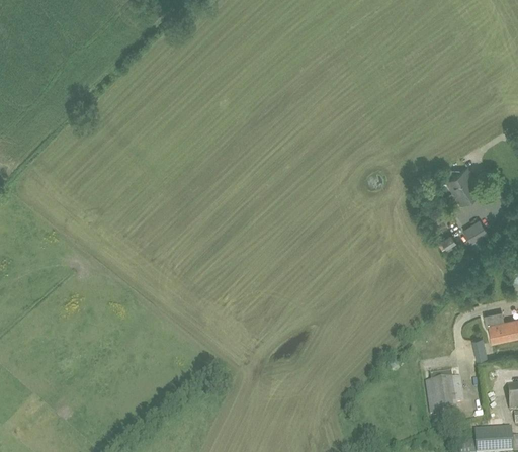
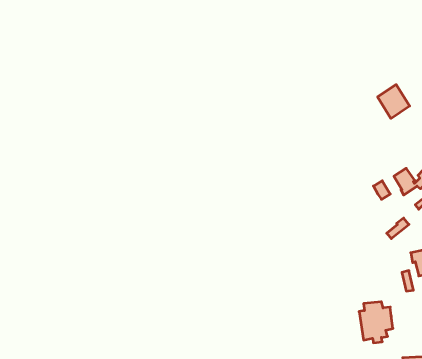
building: [445,168,482,206] -> [378,85,410,118]

